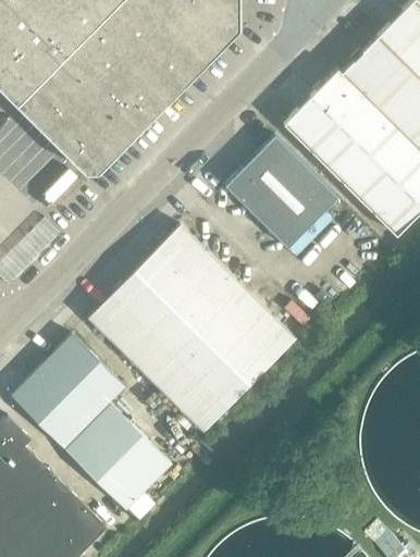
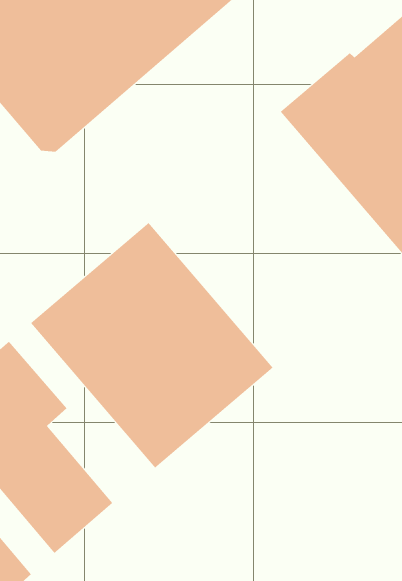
building: [224,136,337,249] -> none

